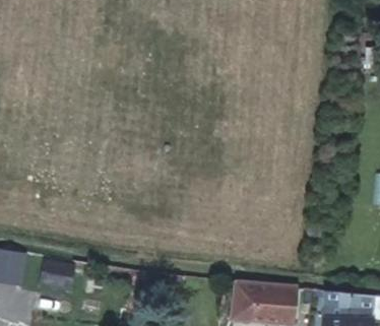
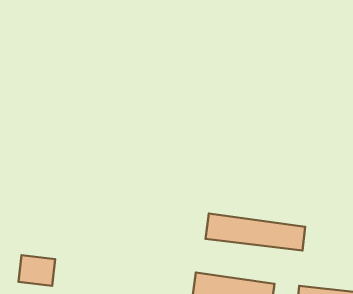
building: none -> [206,213,305,251]

